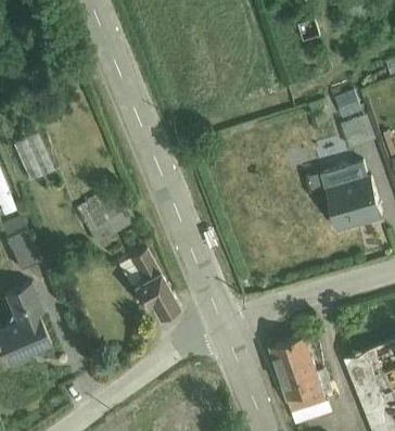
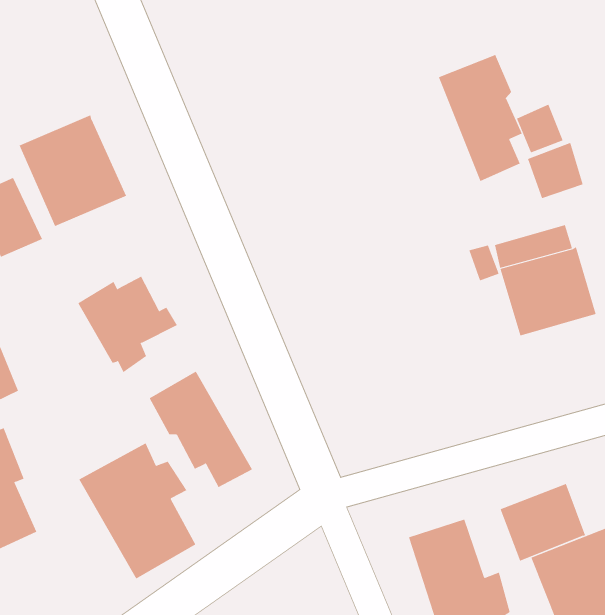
building: none -> [438,54,522,182]
building: none -> [19,114,127,227]
building: none -> [79,442,196,580]
building: none -> [500,483,586,562]

